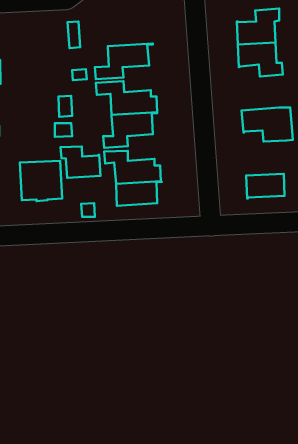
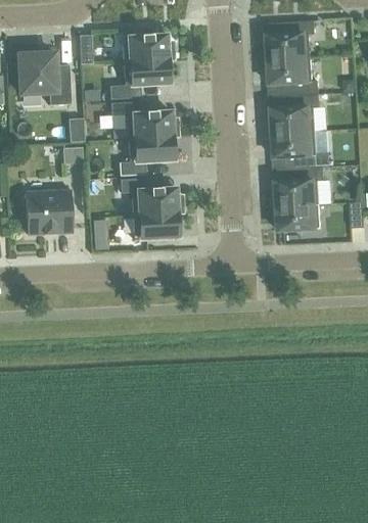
building: none -> [121,34,173,61]
building: none -> [17,52,71,104]
building: none -> [271,93,326,133]
building: none -> [275,167,323,205]
building: [60,146,101,178] -> none

